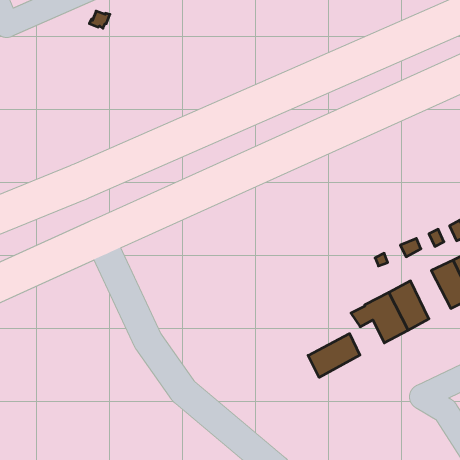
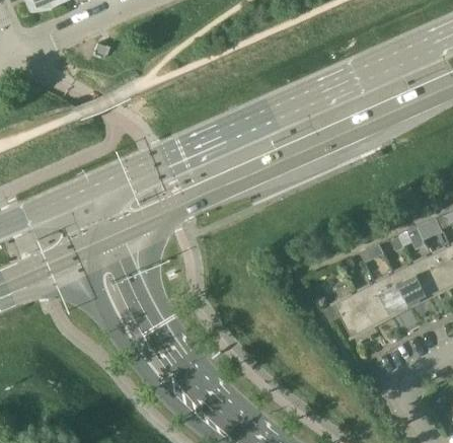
building: none -> [376,272,411,314]
building: [308,334,360,377] -> none

